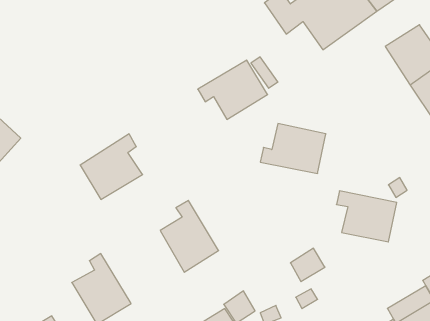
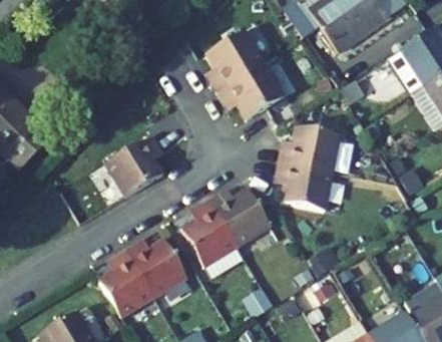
building: none -> [205,30,265,91]
building: none -> [208,188,271,247]
building: [336,191,397,242] -> [275,161,333,211]
building: none -> [124,238,187,298]

